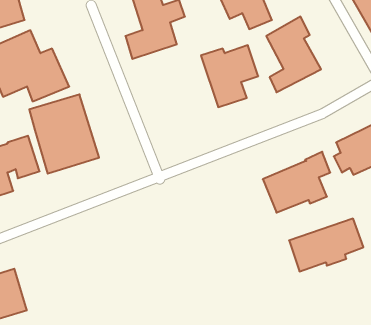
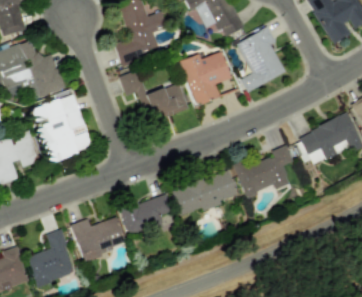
building: none -> [119,70,189,122]
building: none -> [121,193,173,236]
building: [289,219,363,271] -> [172,170,237,216]
building: none -> [71,217,127,260]
building: none -> [27,229,76,286]

